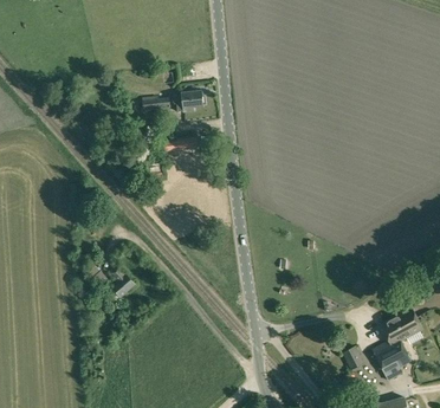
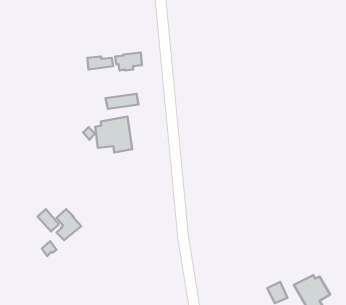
building: none -> [95,117,132,152]
building: [386,311,420,342] -> none

